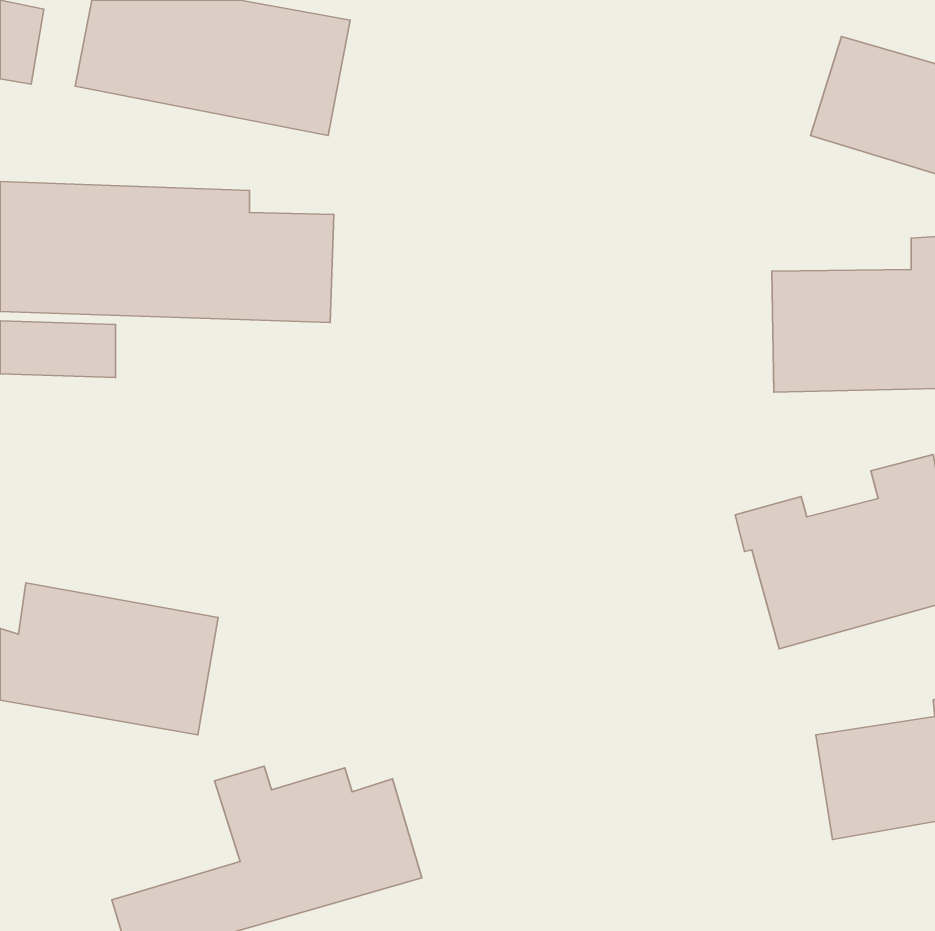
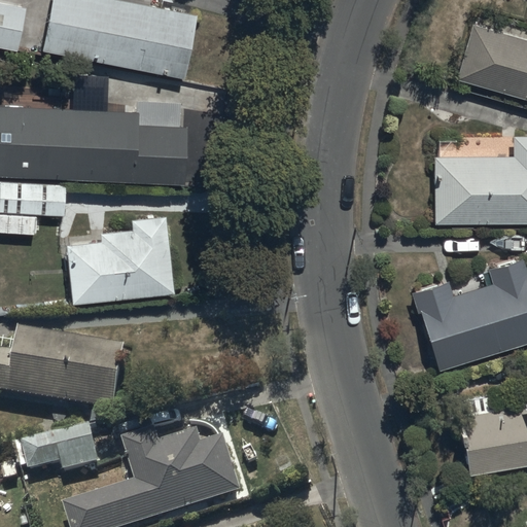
building: none -> [68,215,174,302]
building: none -> [22,429,101,478]

